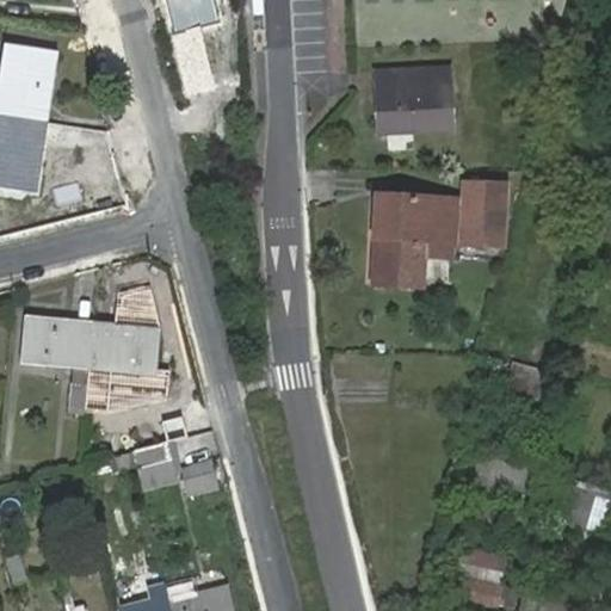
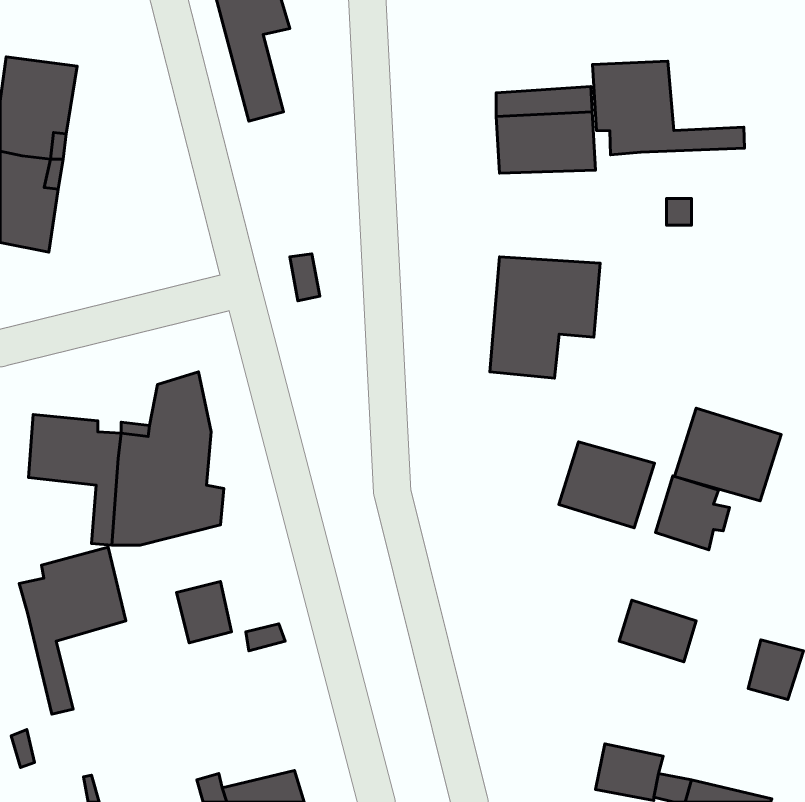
building: none -> [592,61,745,155]
building: [461,180,506,245] -> none
building: none -> [675,408,781,501]
building: none -> [559,442,655,528]
building: none -> [19,547,126,714]

